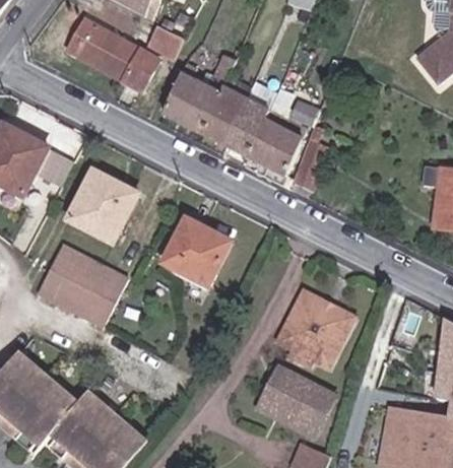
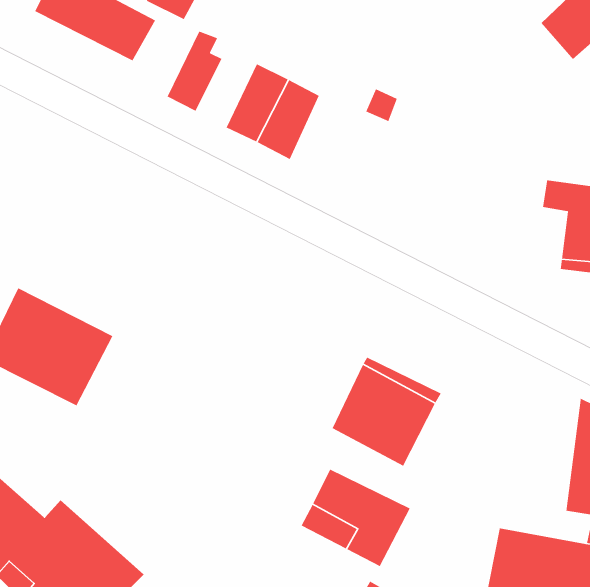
building: [181,79,223,132] -> none
building: [246,110,303,174] -> none
building: [295,140,327,188] -> none
building: [66,170,133,238] -> none
building: [163,217,231,283] -> none

